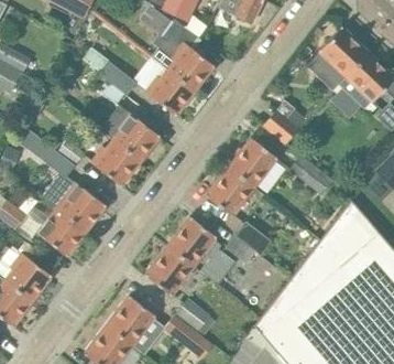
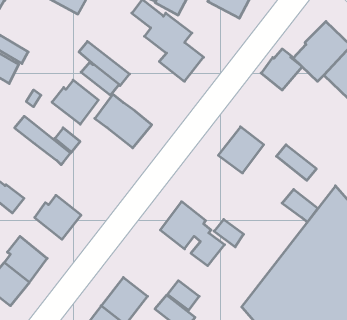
building: [145,69,194,115] -> none
building: [263,100,306,143] -> [261,49,302,90]
building: [91,139,140,185] -> [52,80,98,124]
building: [207,168,254,216] -> none
building: [59,182,106,231] -> none
building: [234,221,272,255] -> [282,189,318,222]
building: [145,246,194,295] -> none

